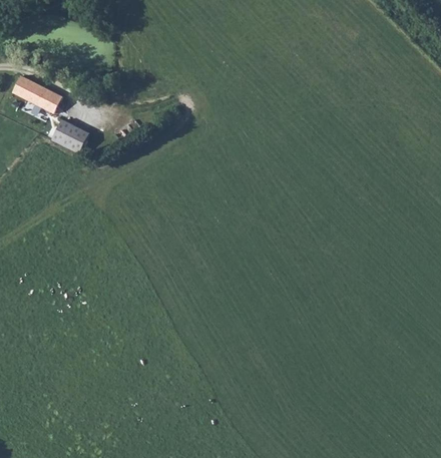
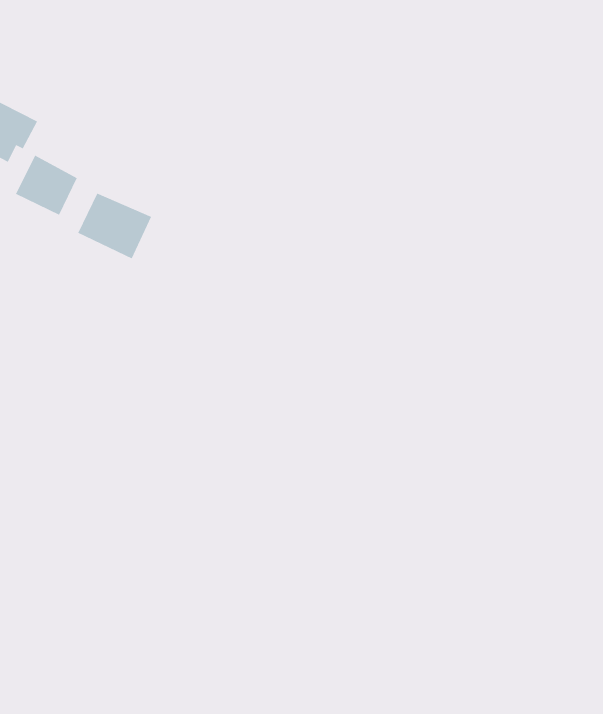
building: none -> [77,193,152,259]

